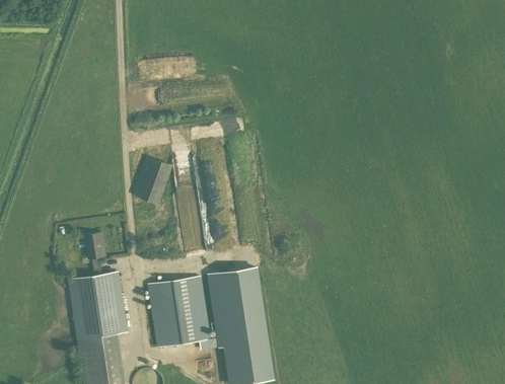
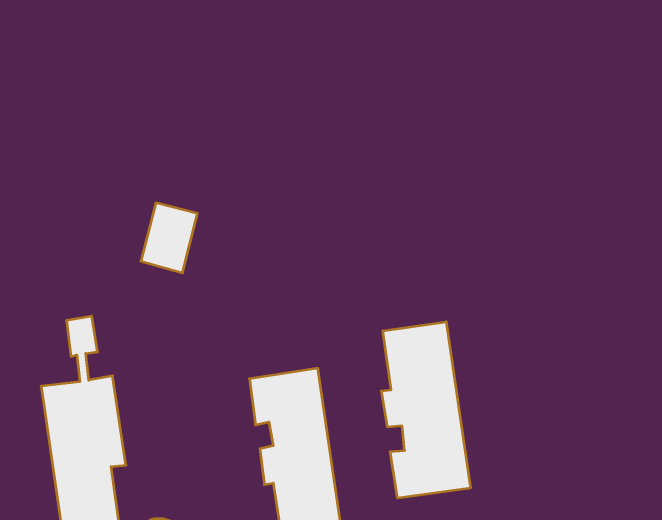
building: none -> [381,322,470,498]
building: [149,277,211,348] -> none

